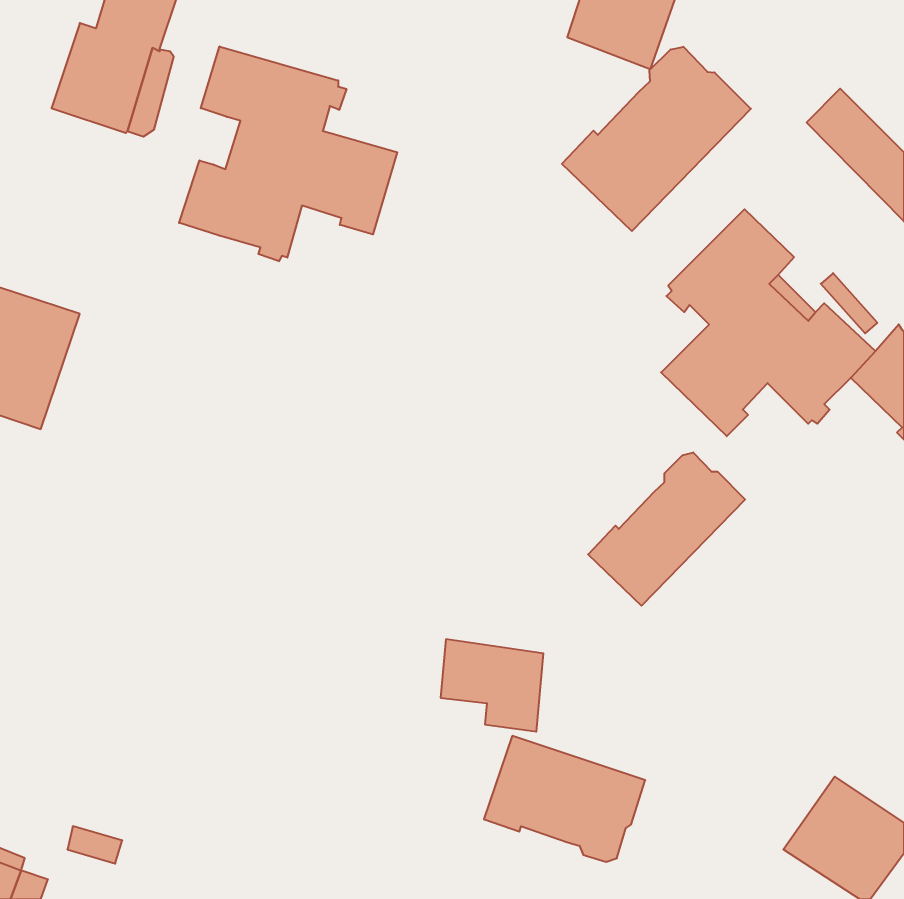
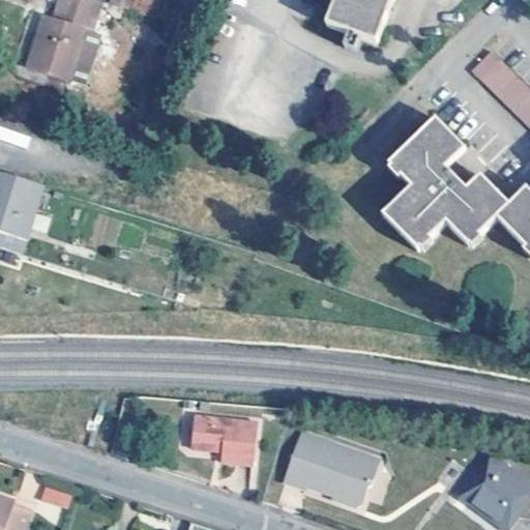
building: [179,46,397,261] -> none
building: [562,47,751,231] -> none
building: [588,452,745,606] -> none
building: [441,639,543,732] -> [194,414,254,468]

